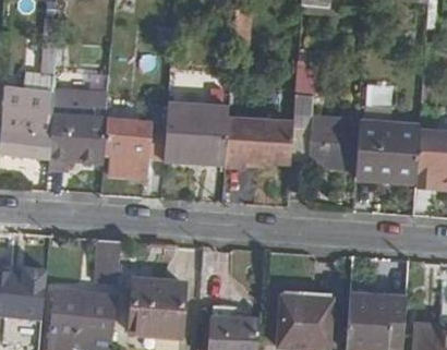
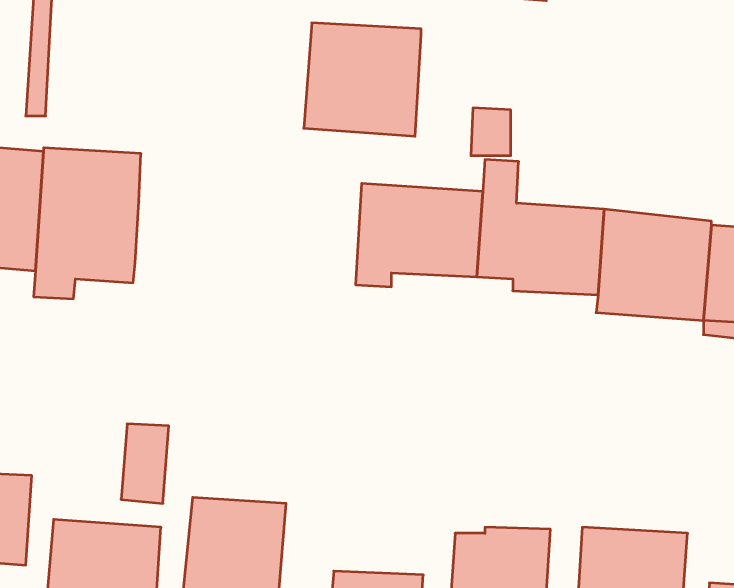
building: [162,100,227,162] -> [304,23,421,136]
building: [102,117,150,173] -> none

